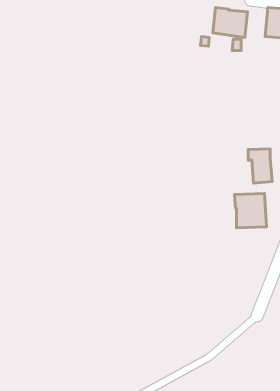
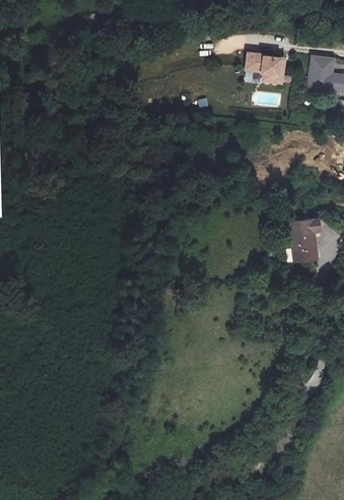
building: [235,194,266,228] -> none

